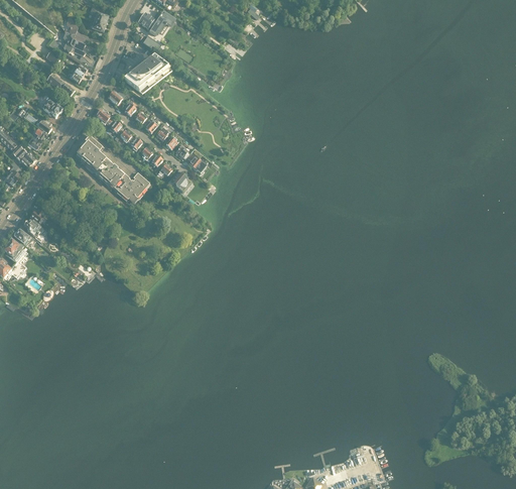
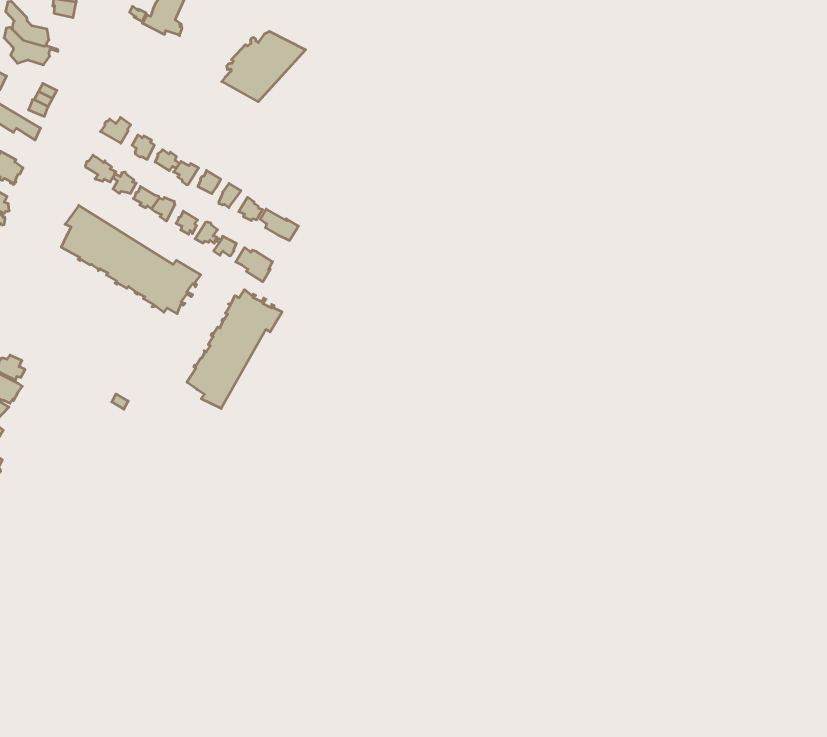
building: [123,55,171,93] -> [222,31,306,102]
building: none -> [187,290,282,409]

